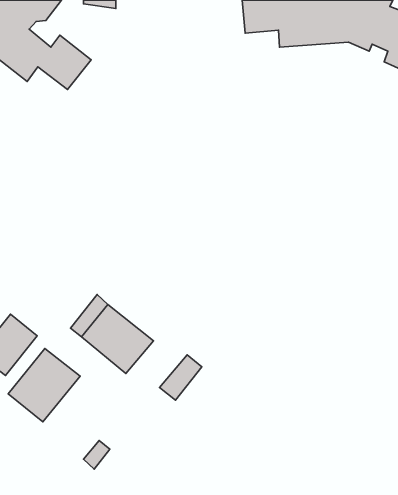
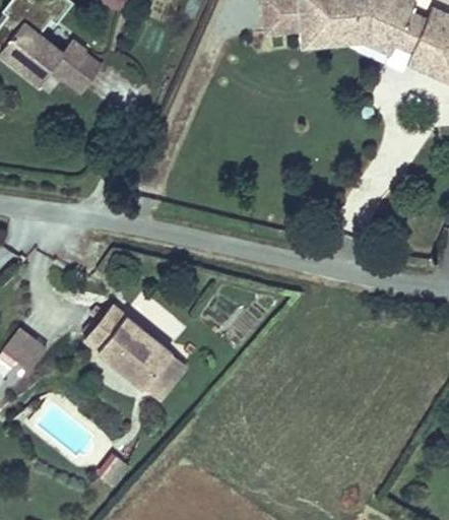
building: [8,349,80,422] -> none
building: [160,355,202,400] -> [141,351,185,398]

